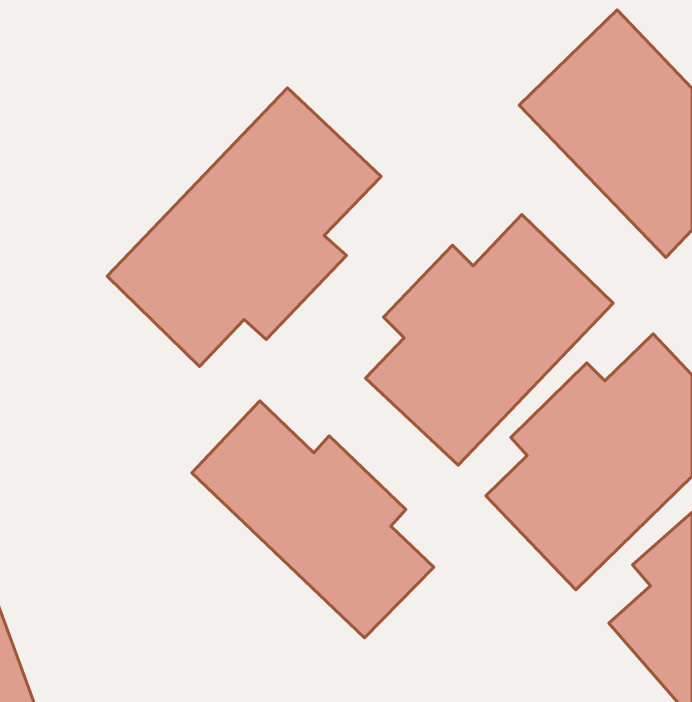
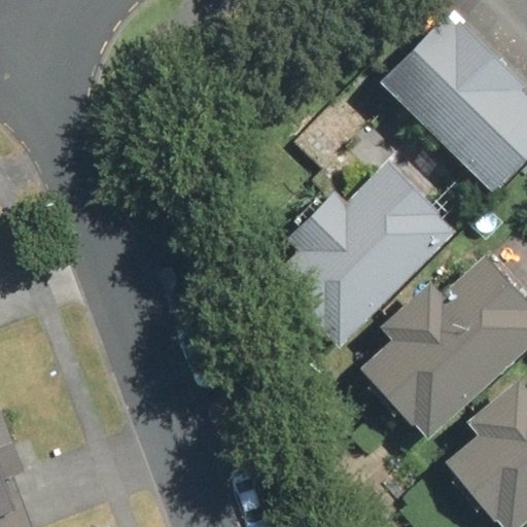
building: [107,88,381,367] -> none
building: [192,401,434,638] -> none

